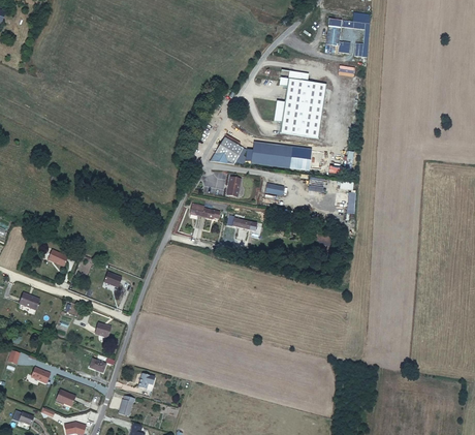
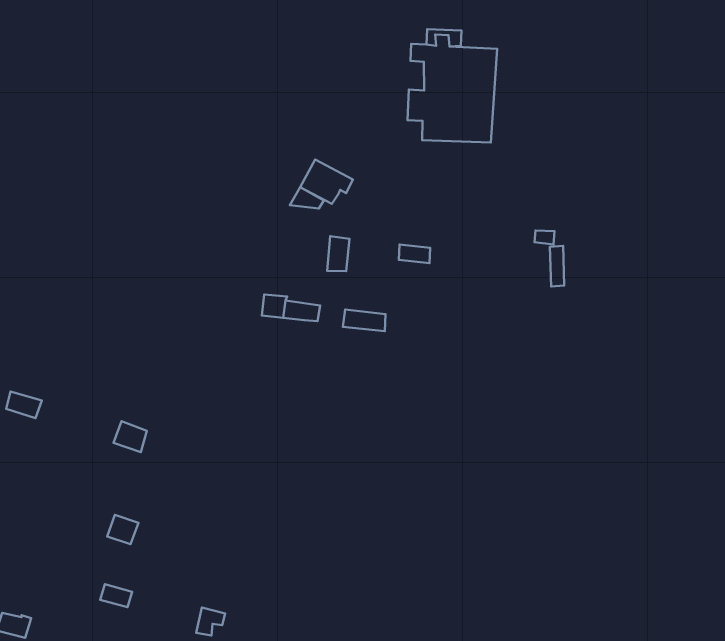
building: [249,142,310,170] -> none

